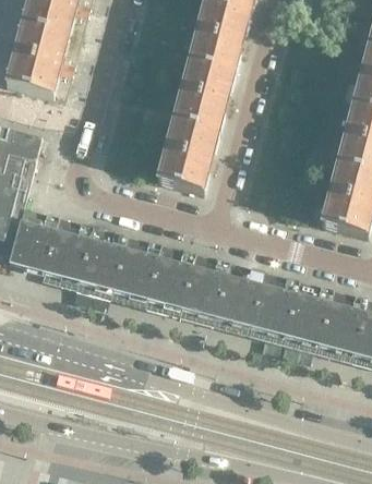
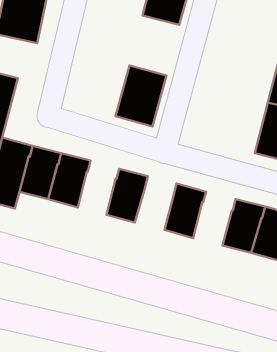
building: [171,66,230,137] -> none
building: [110,238,159,302] -> none
building: [178,256,227,319] -> none
building: [247,275,297,338] -> none

